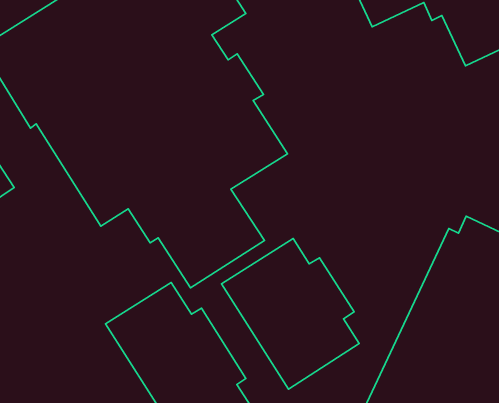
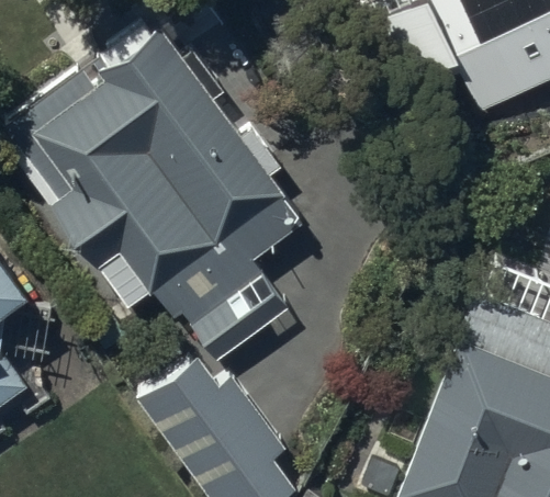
building: [221,238,359,389] -> none

